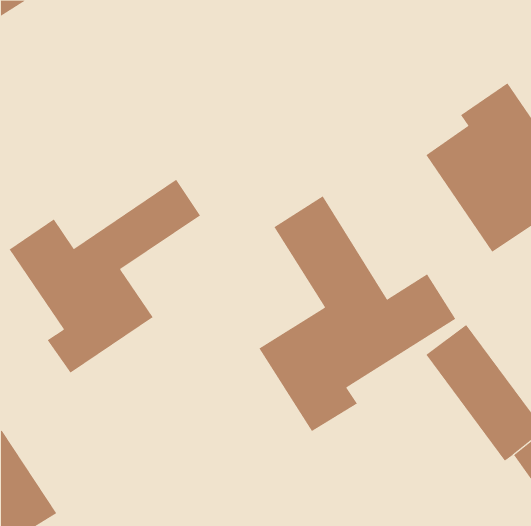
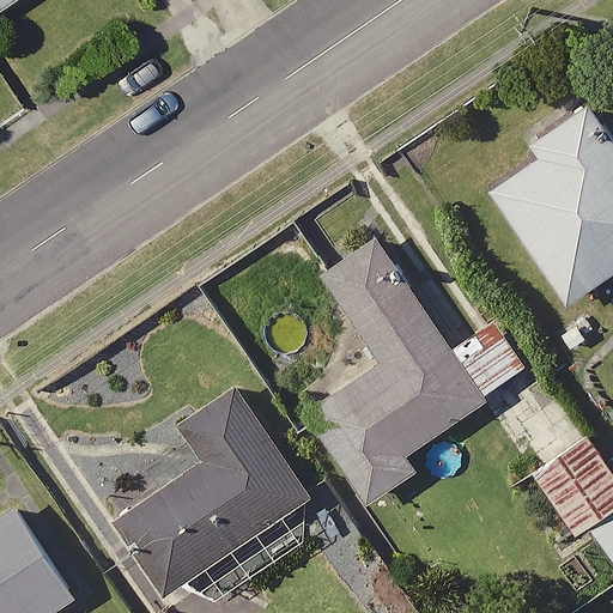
building: [9,179,201,373] -> none
building: none -> [119,392,317,603]

